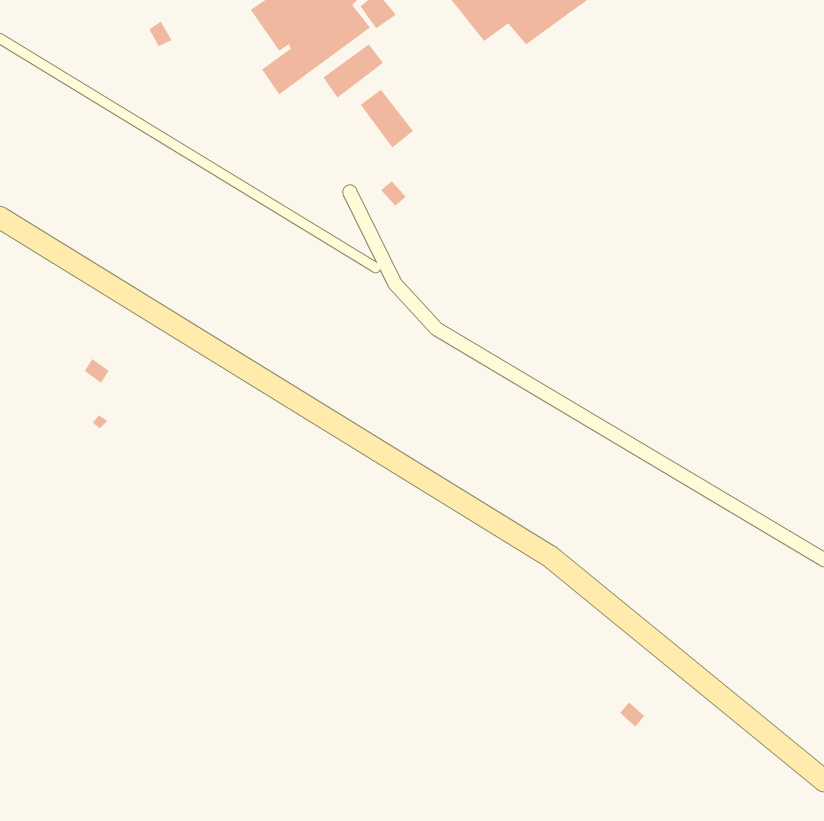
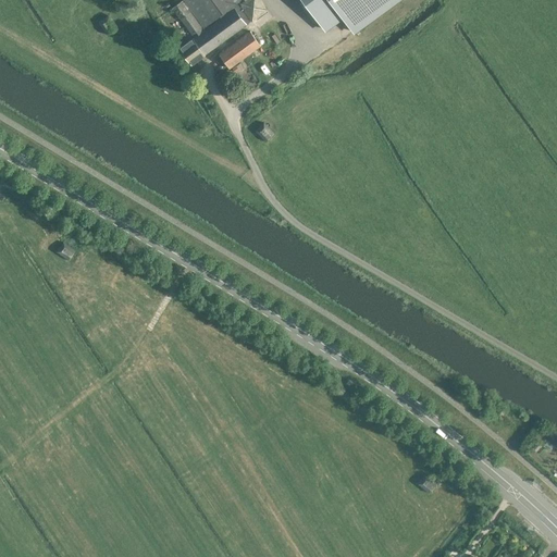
building: [360,89,414,148] -> none

